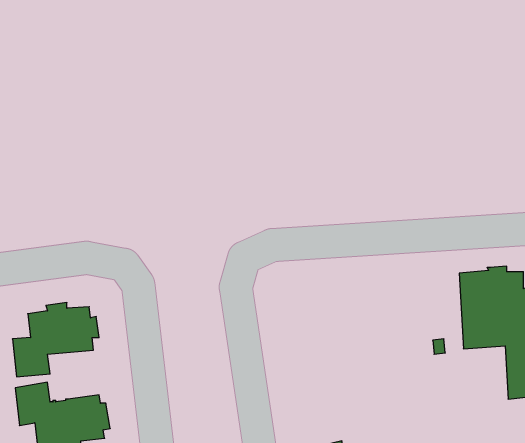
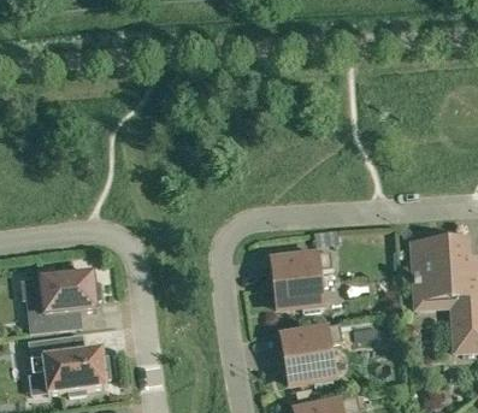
building: none -> [270,249,331,308]
building: none -> [279,323,341,383]

